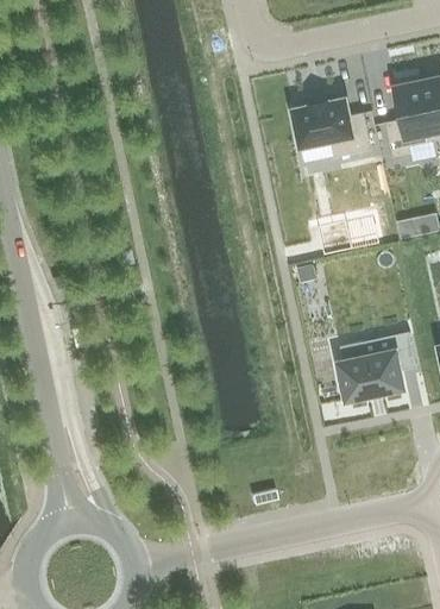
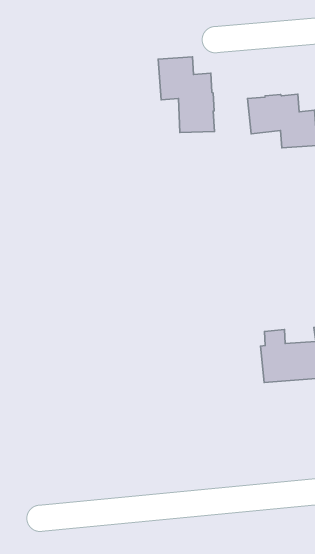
building: none -> [158,57,215,133]

